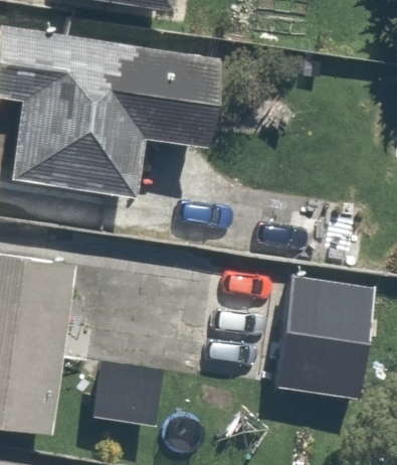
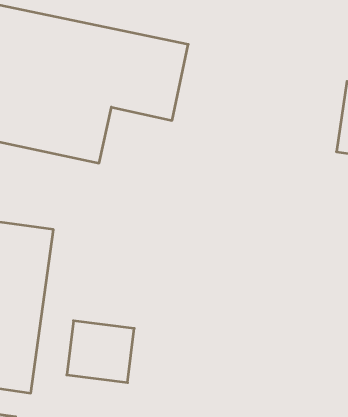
building: [268,273,378,407] -> none

